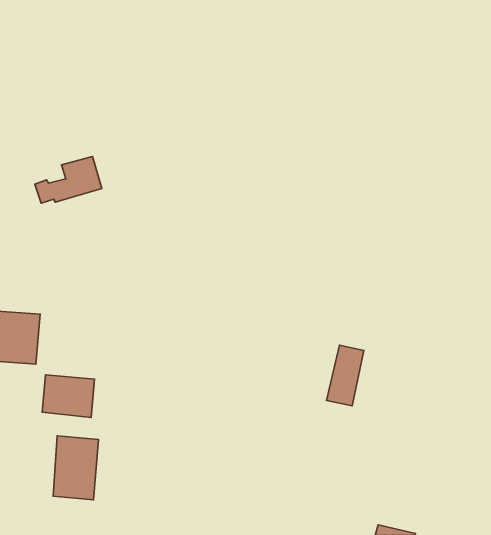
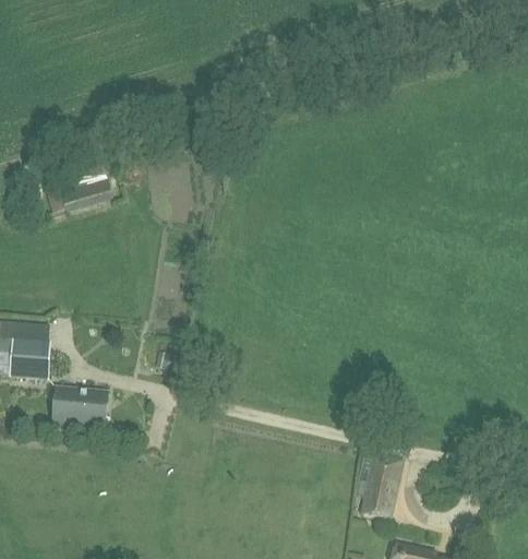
building: [327,345,364,406] -> [362,454,400,516]
building: [53,436,99,500] -> none

